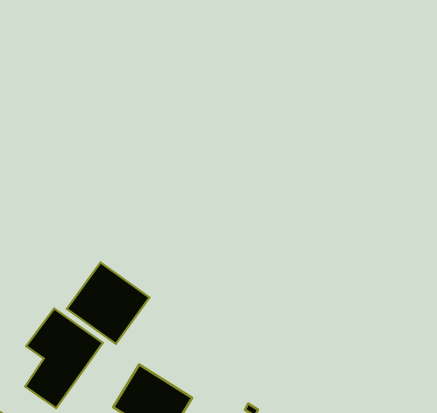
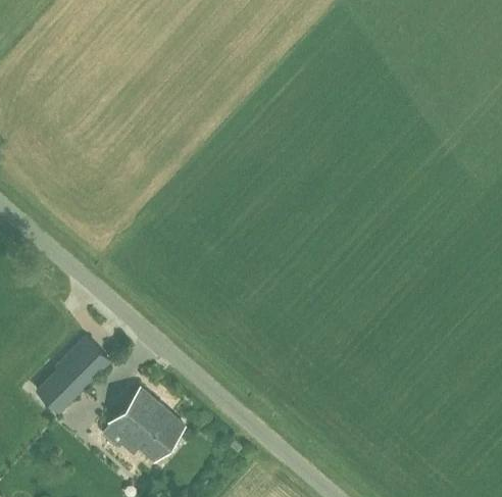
building: [67,263,150,344] -> none

